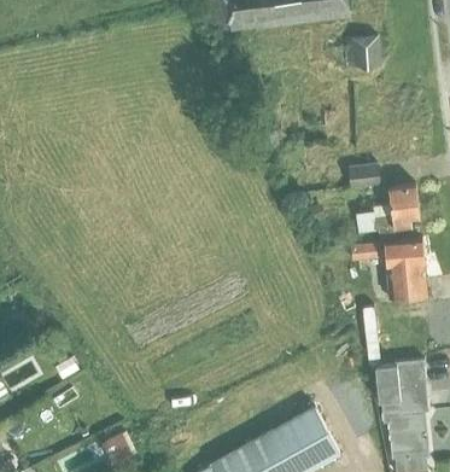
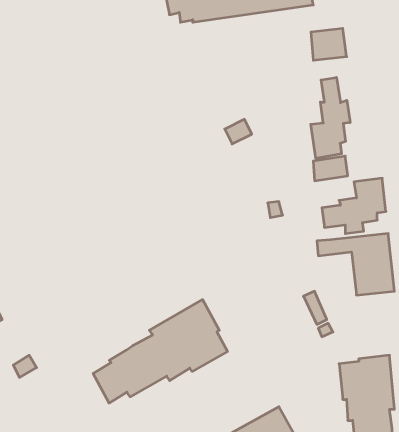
building: none -> [311,77,350,158]
building: none -> [93,300,227,403]

